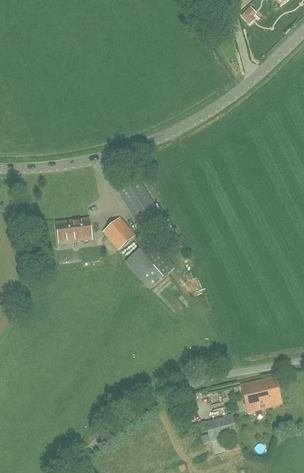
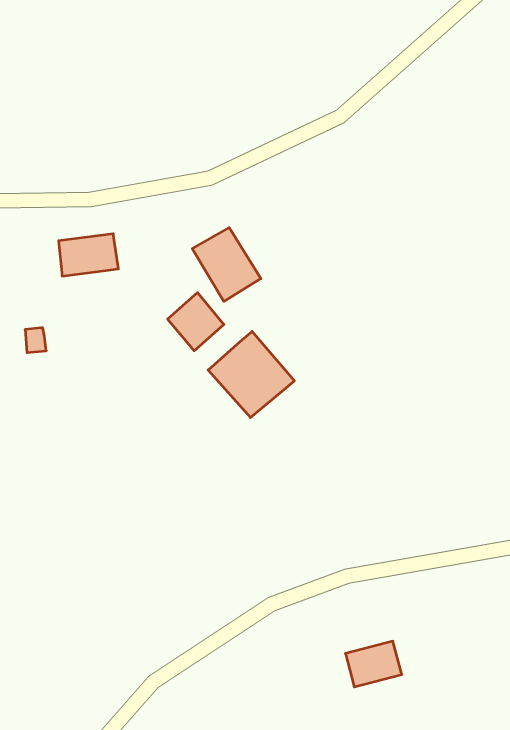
building: [57,218,91,242] -> [59,234,118,276]
building: [240,376,281,412] -> none

